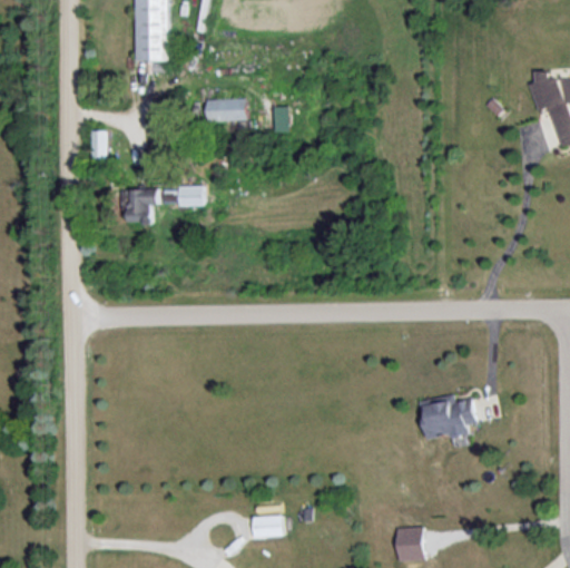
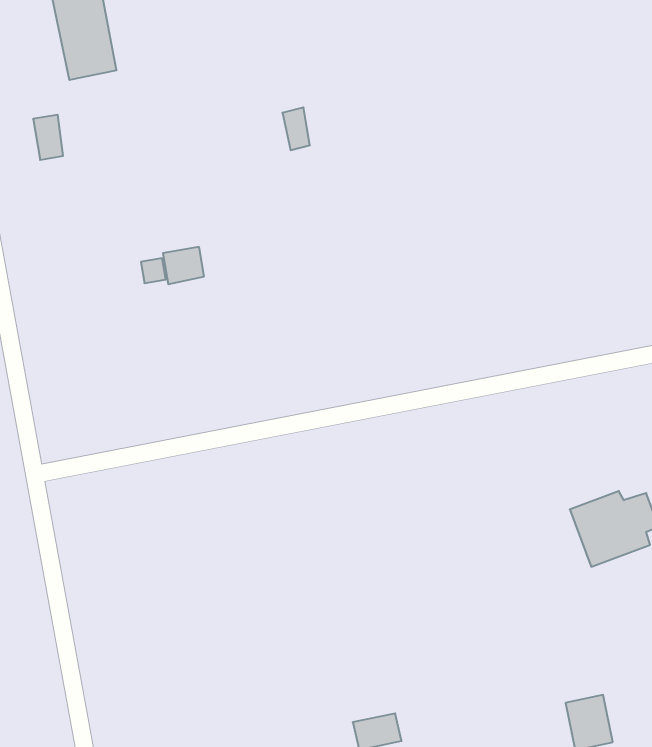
building: [207,99,247,121] -> none
building: [91,130,108,158] -> [33,115,63,160]
building: [121,188,159,223] -> none

